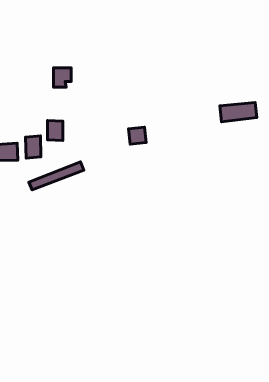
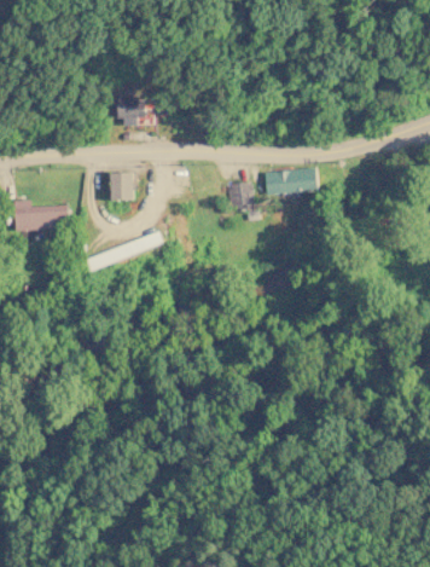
building: [220,102,257,122] -> [265,168,318,196]
building: [26,136,41,158] -> none

